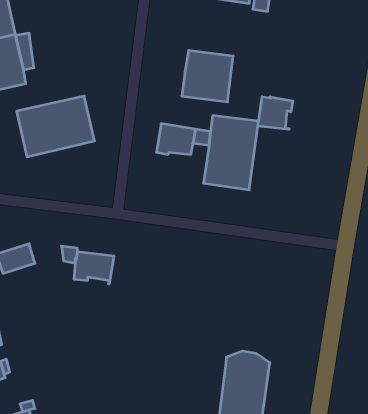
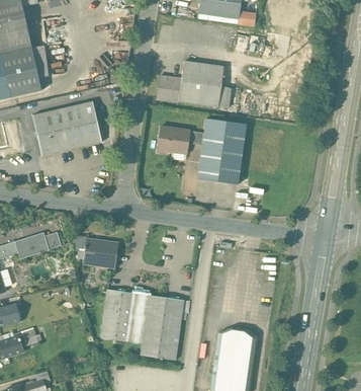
building: none -> [156,76,181,101]
building: [258,97,293,129] -> none
building: none -> [100,286,183,360]

